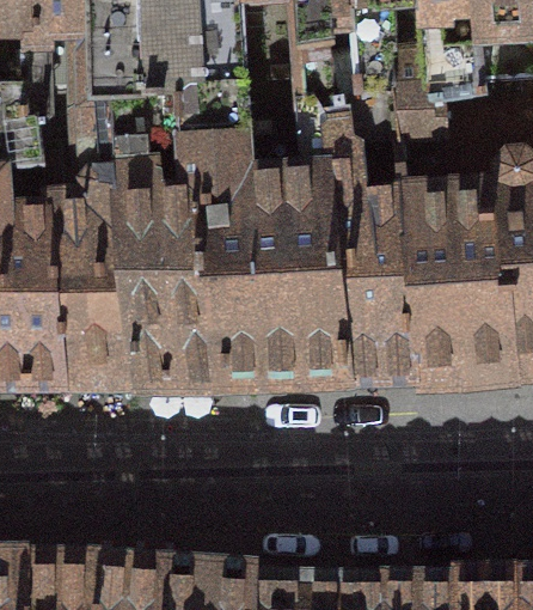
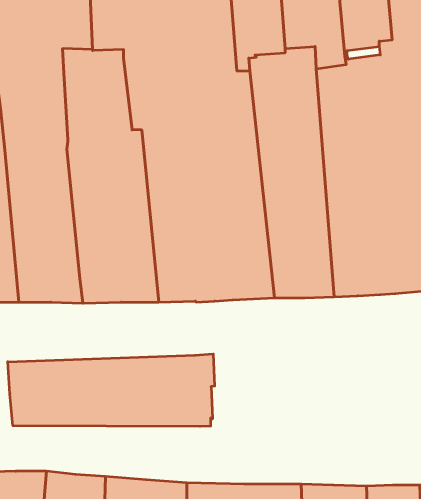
building: none -> [8,354,215,426]

